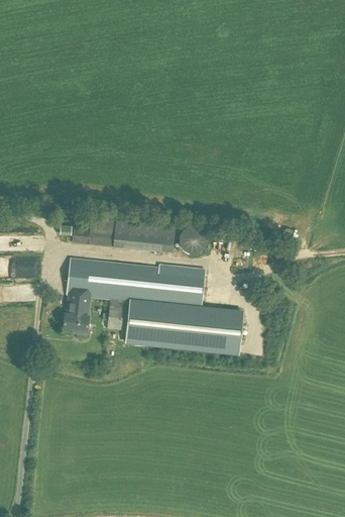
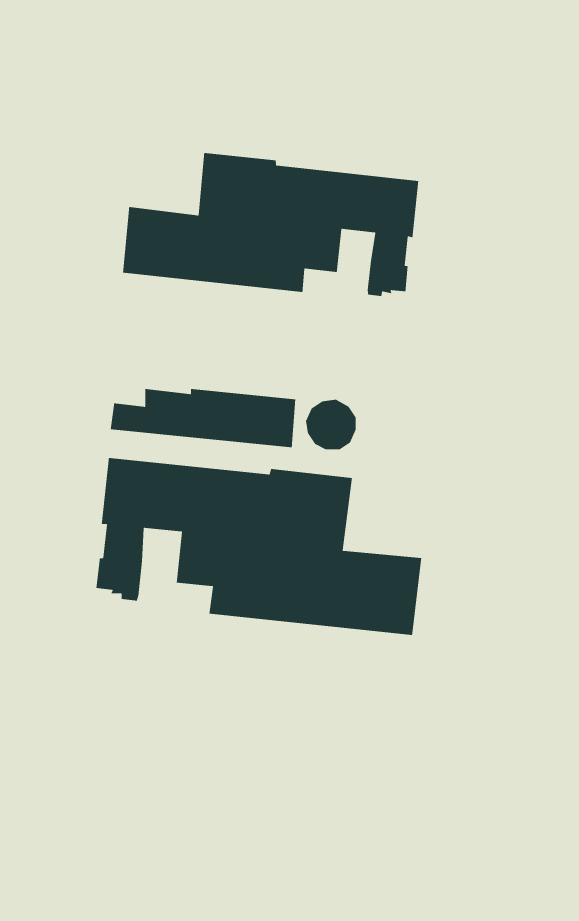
building: none -> [122,152,419,297]

